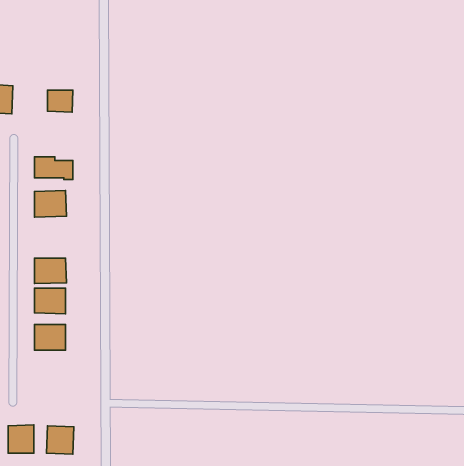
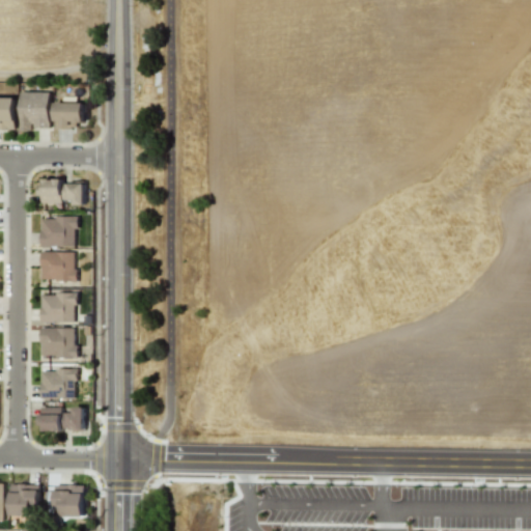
building: none -> [19,91,49,129]
building: none -> [39,251,75,280]
building: none -> [39,408,83,430]

